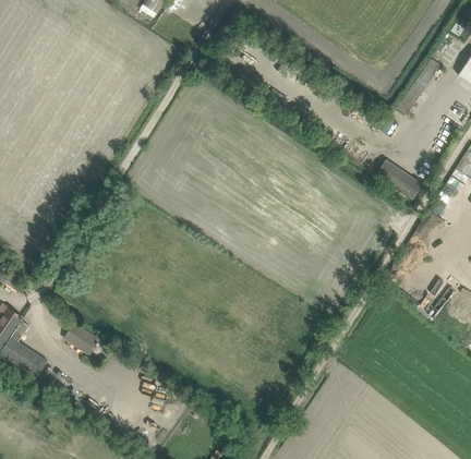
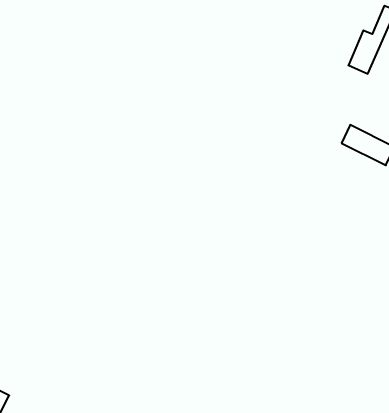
building: [64,324,98,353] -> none

